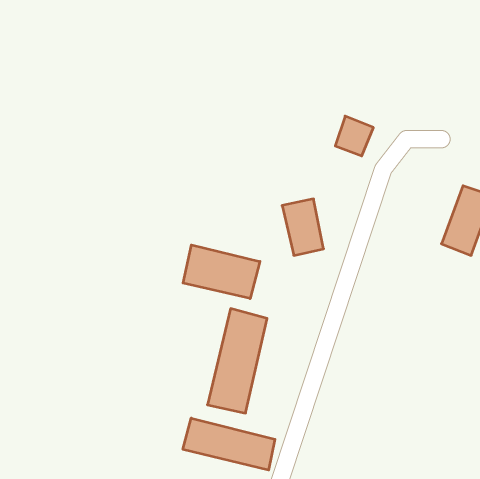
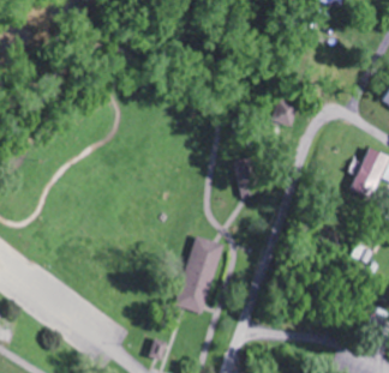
building: [183,245,260,299] -> none
building: [183,418,275,470] -> none

